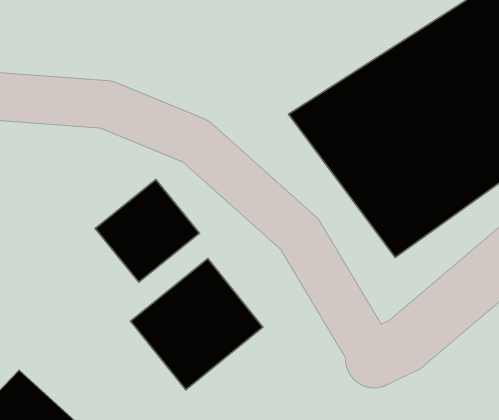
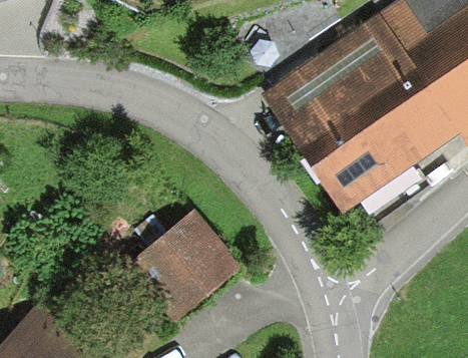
building: [95,180,199,282] -> none

